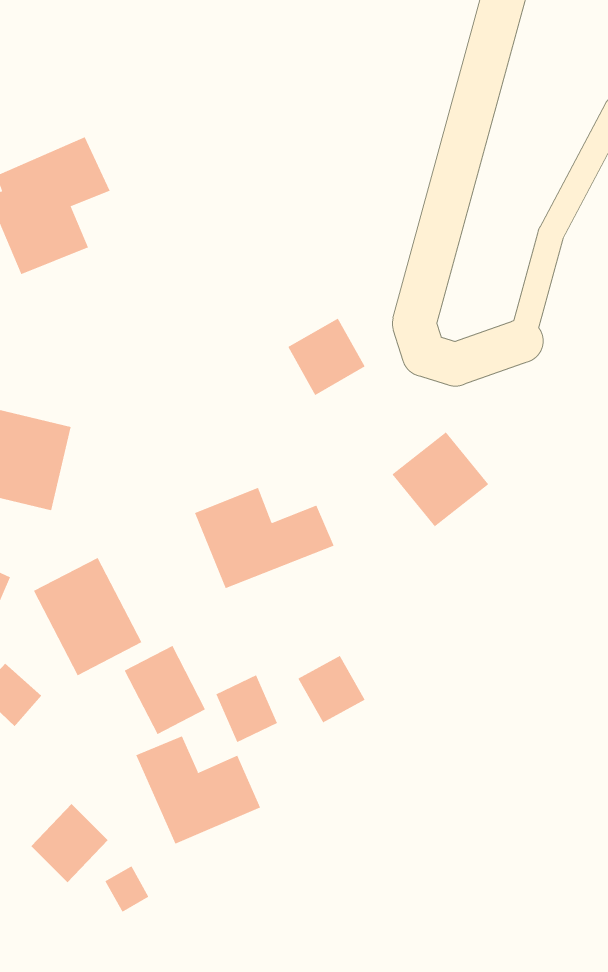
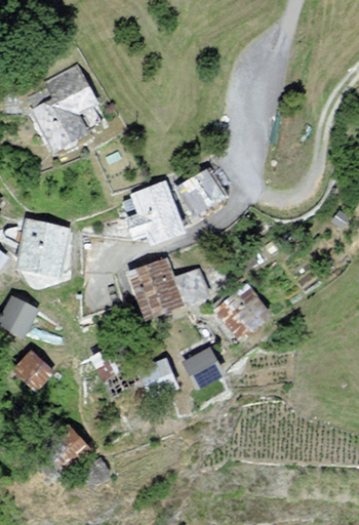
building: none -> [129,180,185,240]
building: [392,432,489,527] -> [218,285,270,335]
building: [33,557,142,676] -> none
building: [136,736,261,844] -> none

